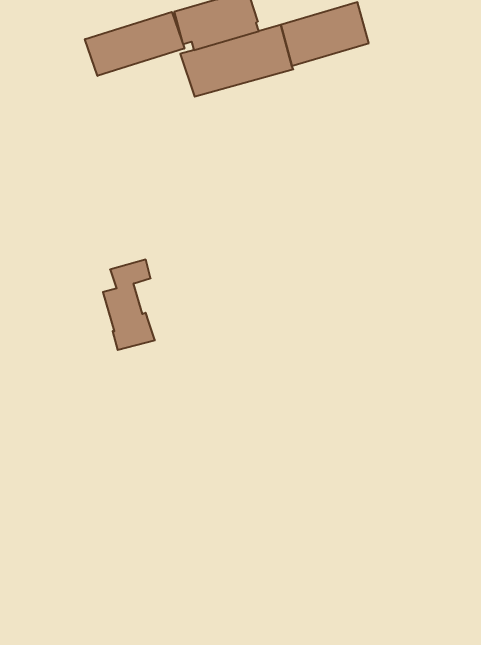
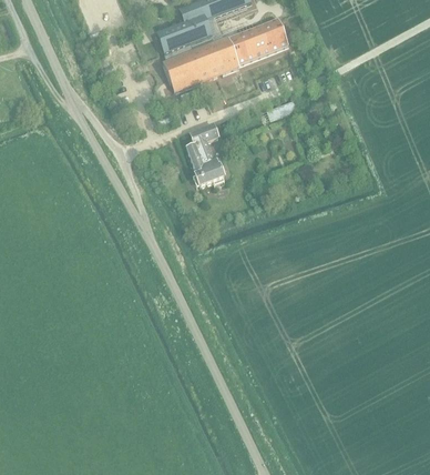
building: [85,12,184,76] -> none
building: [103,260,155,350] -> [186,123,224,185]

